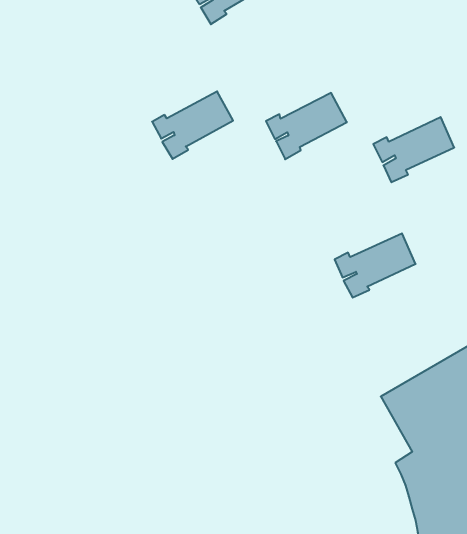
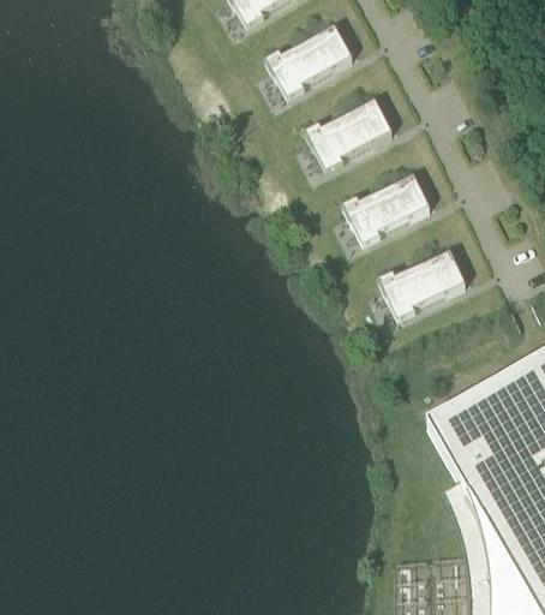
building: [152,91,233,159] -> [266,28,353,100]
building: [373,117,454,182] -> [343,177,430,246]

